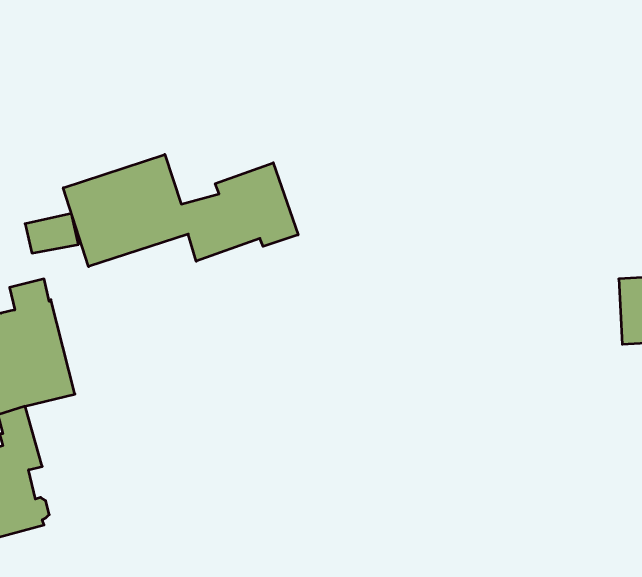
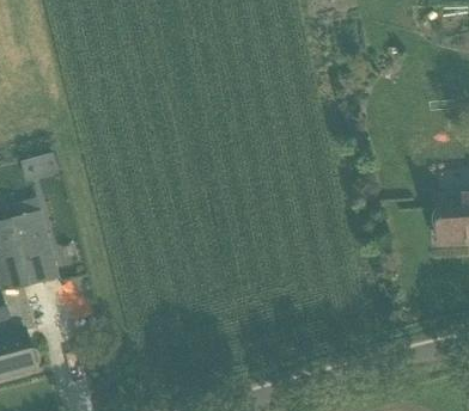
building: [63,154,298,267] -> none

